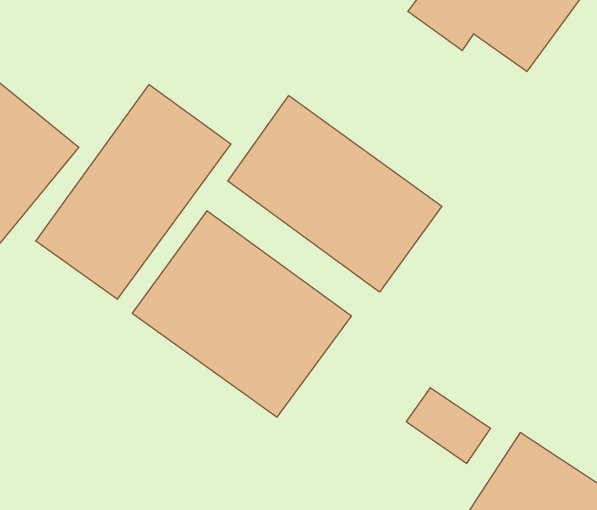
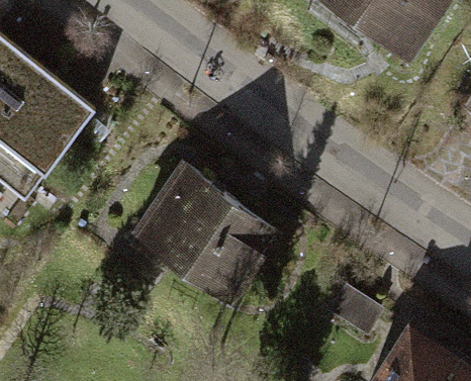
building: [36,85,231,299] -> none
building: [228,96,442,292] -> none

